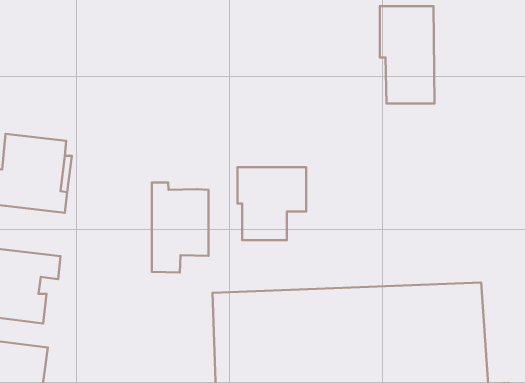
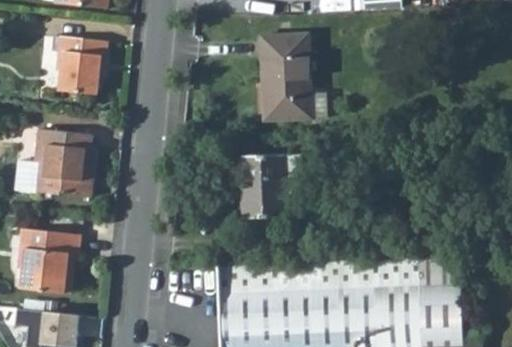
building: [380,6,435,103] -> [264,37,312,122]
building: none -> [54,34,109,91]
building: [152,182,209,273] -> none

